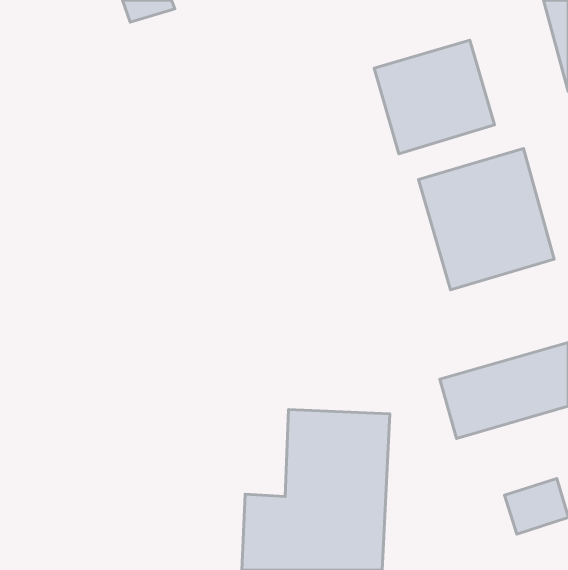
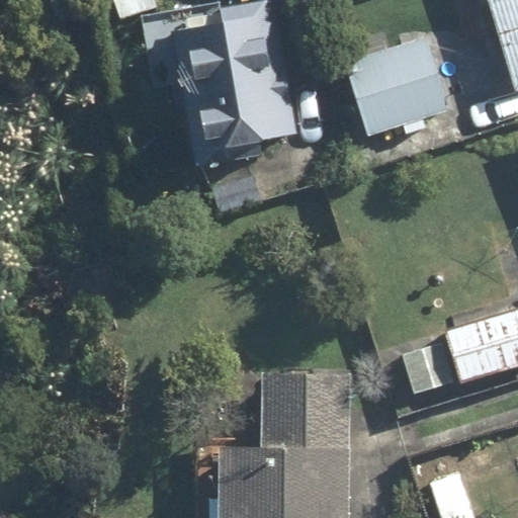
building: none -> [173,7,295,148]
building: [418,149,554,290] -> none

